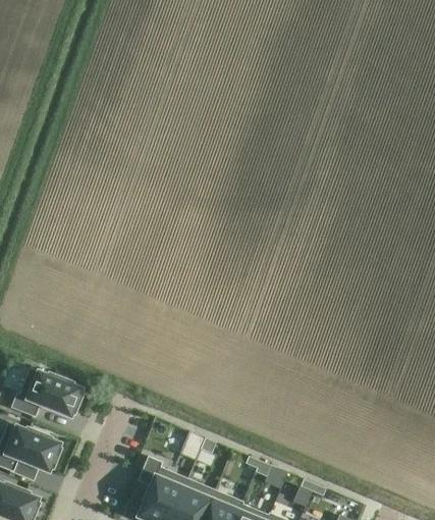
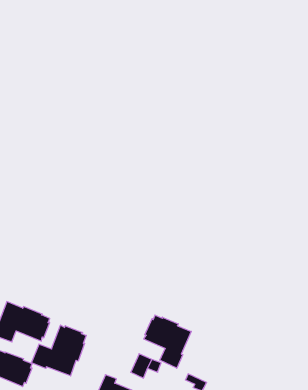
building: none -> [144,315,191,368]
building: none -> [31,325,86,376]

